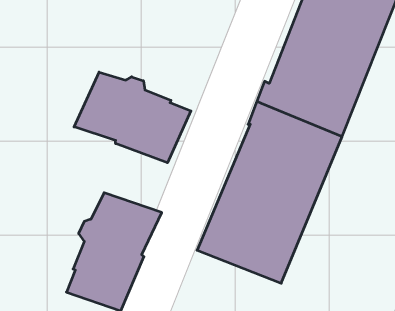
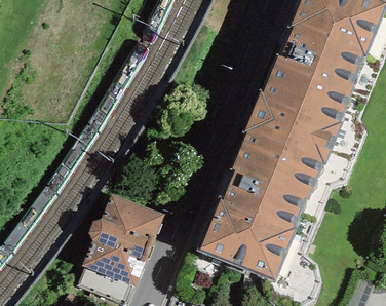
building: [74,72,191,163] -> none

